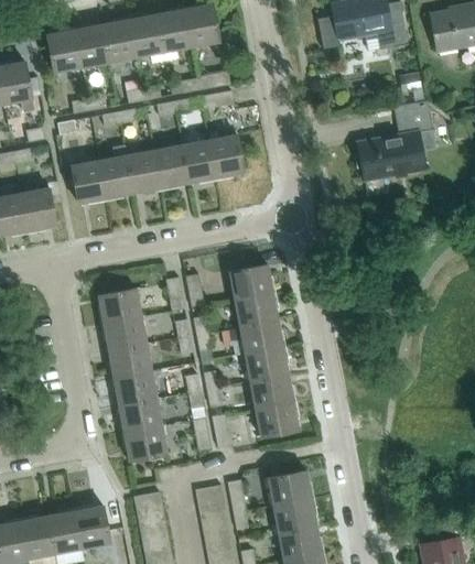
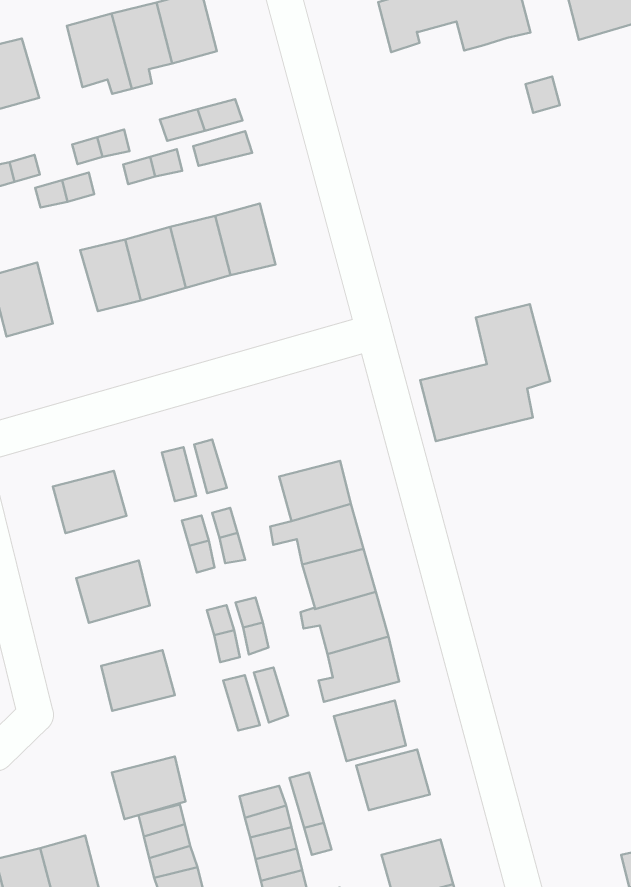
building: [101,19,136,73] -> none
building: [358,101,436,180] -> [420,304,550,441]
building: [100,144,134,197] -> none
building: [222,264,273,300] -> none
building: [105,316,148,351] -> none
building: [115,371,158,405] -> none
building: [125,426,168,462] -> [112,757,185,819]
building: [274,498,316,532] -> [334,701,406,761]

